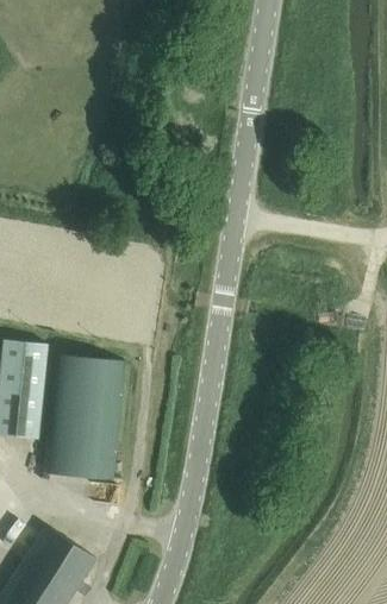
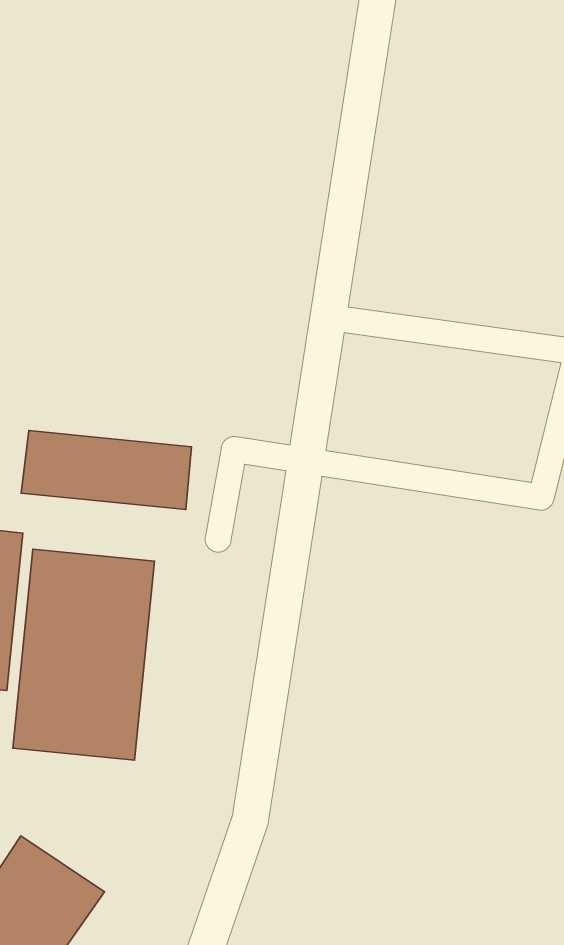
building: none -> [21,431,191,510]

